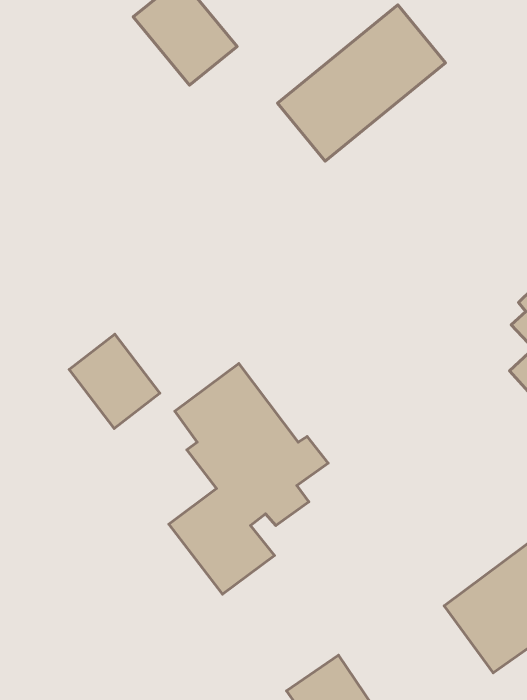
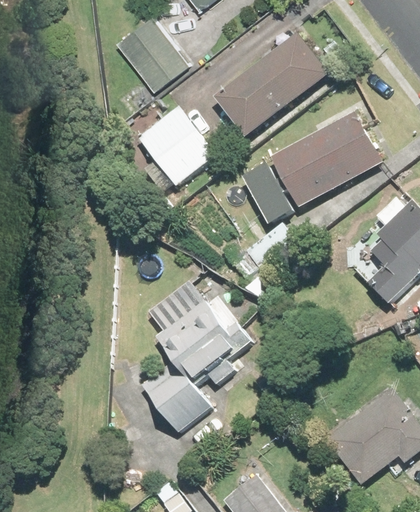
building: none -> [138,105,216,184]
building: none -> [240,113,378,222]
building: [69,334,160,428] -> none

